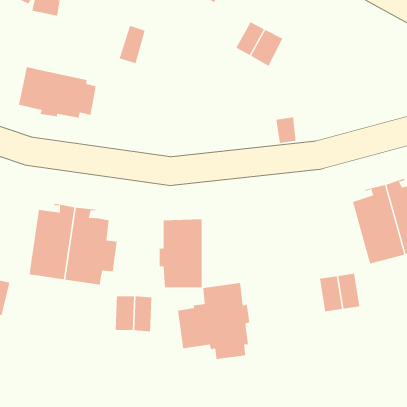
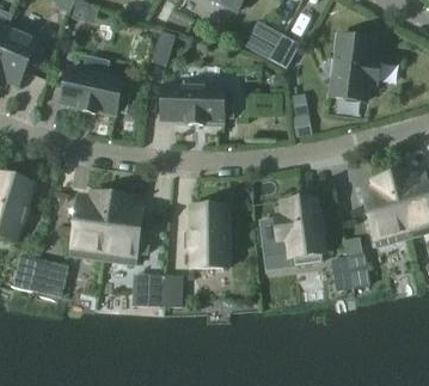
building: none -> [329,33,379,99]
building: none -> [161,84,233,124]
building: [177,283,250,360] -> [259,195,325,264]

